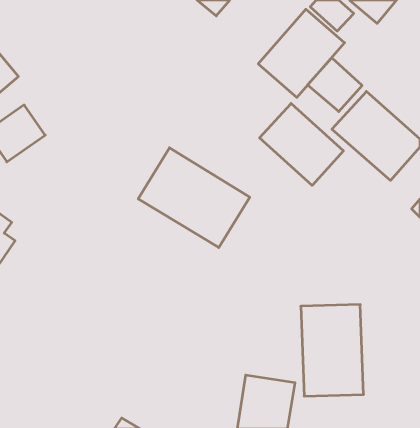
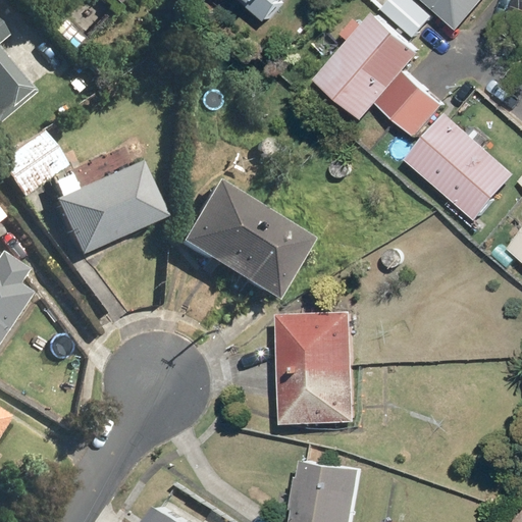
building: [260,103,343,185] -> none
building: none -> [42,162,156,258]
building: [301,305,364,396] -> [277,312,354,423]

